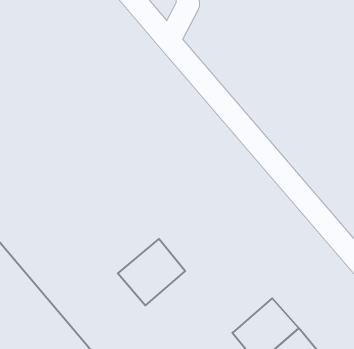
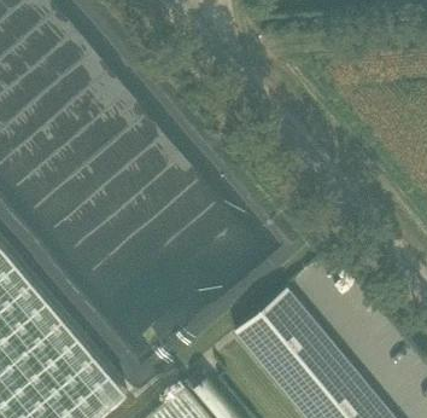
building: [118,239,185,305] -> [238,291,311,364]

